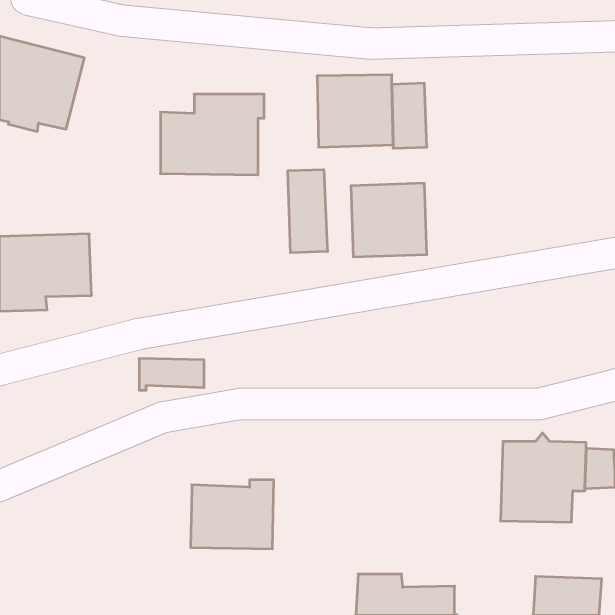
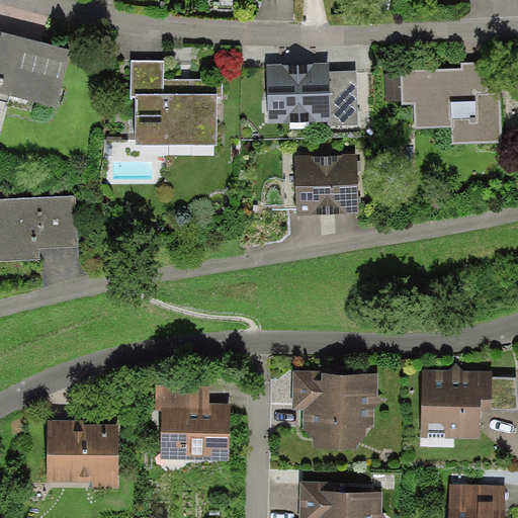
building: none -> [130,60,164,99]
building: none -> [384,62,501,145]
building: [288,170,328,253] -> none
building: [139,359,204,390] -> [155,384,209,411]
building: none -> [292,371,382,450]
building: none -> [47,421,117,489]

